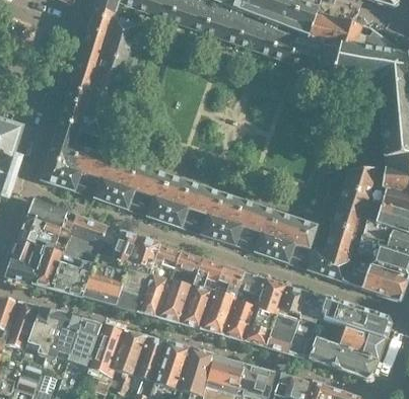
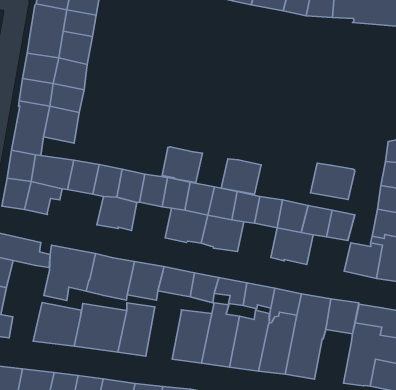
building: [74,171,120,203] -> none
building: [138,189,172,220] -> [162,147,202,183]
building: [218,216,252,246] -> [221,159,261,194]
building: [271,233,308,264] -> [311,163,355,199]
building: [31,245,62,287] -> none
building: [136,272,168,315] -> none
building: [265,315,297,351] -> none

